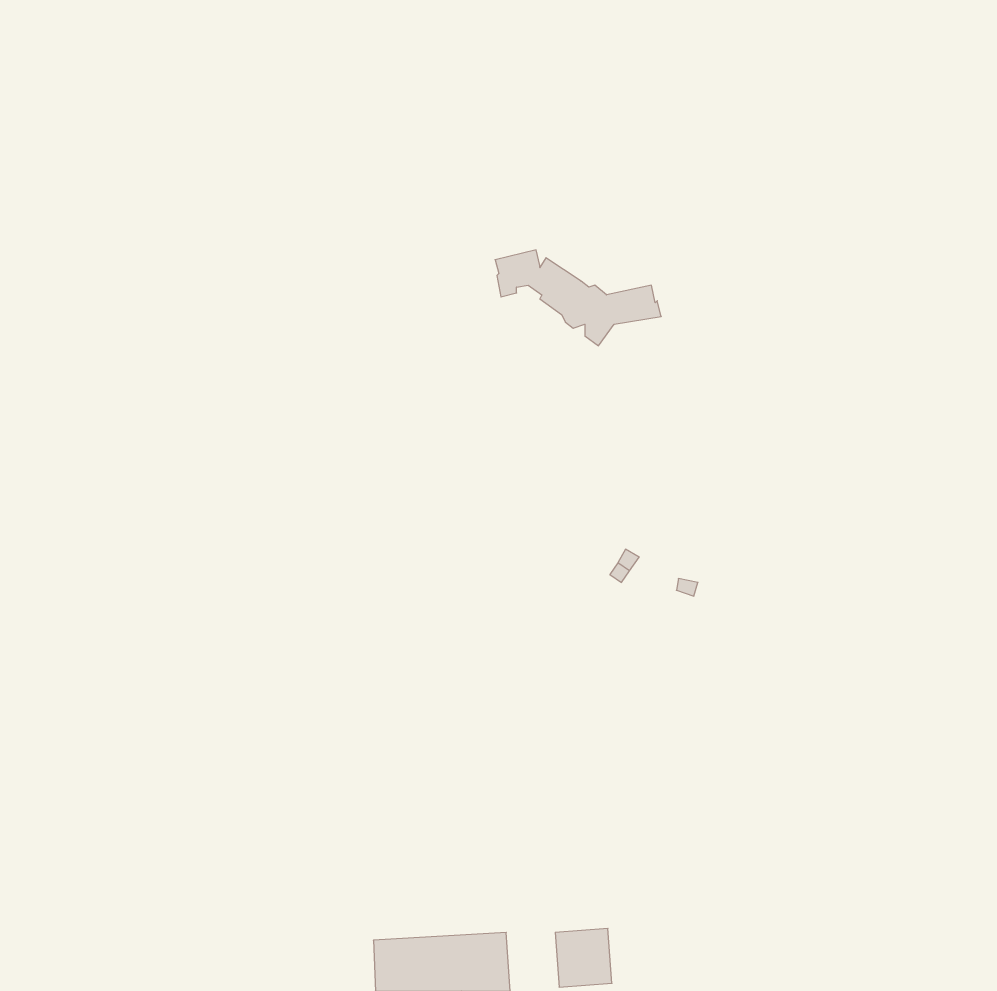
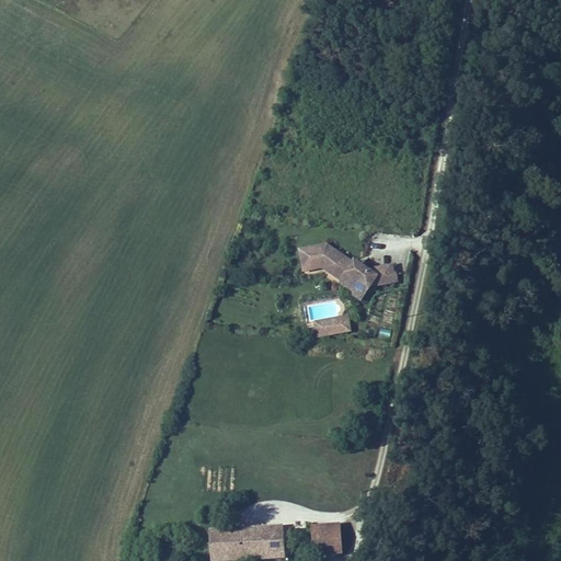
building: [495,250,661,346] -> [301,243,394,297]

